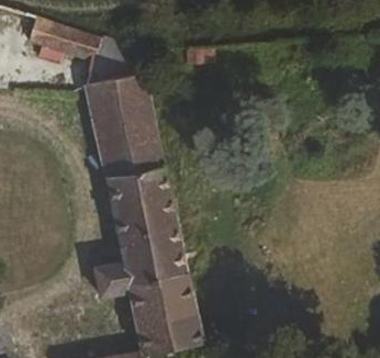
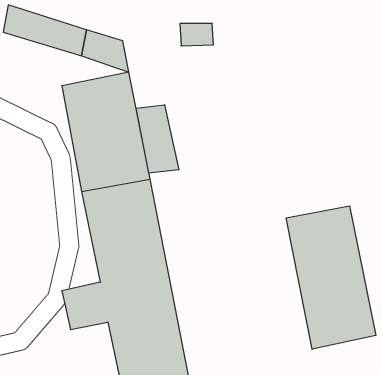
building: none -> [136,105,179,173]
building: none -> [286,206,376,349]

